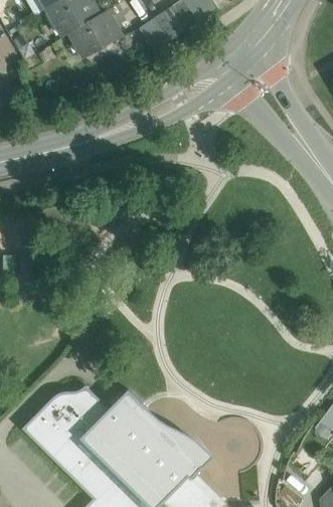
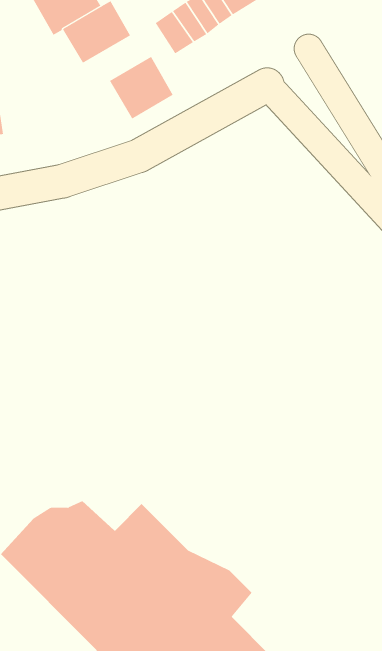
building: none -> [109,56,174,119]

